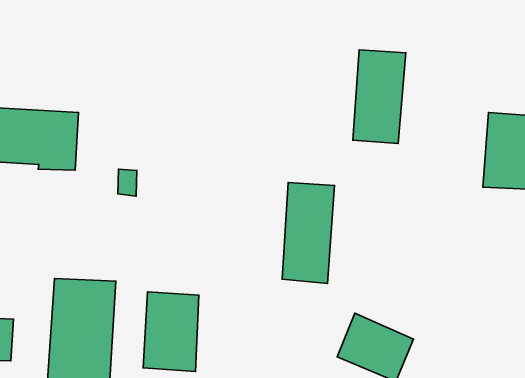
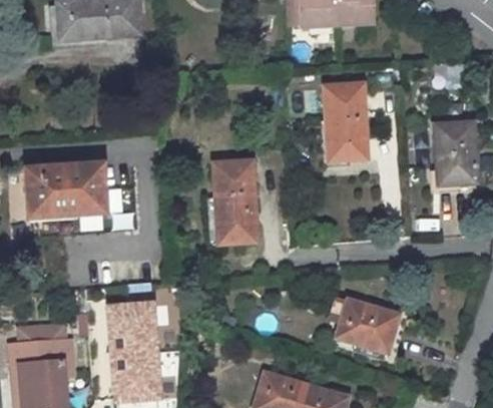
building: [282,182,335,284] -> [214,160,257,242]
building: [143,292,199,371] -> none

